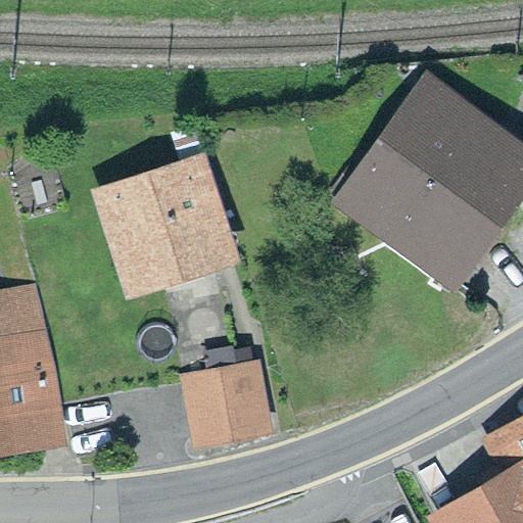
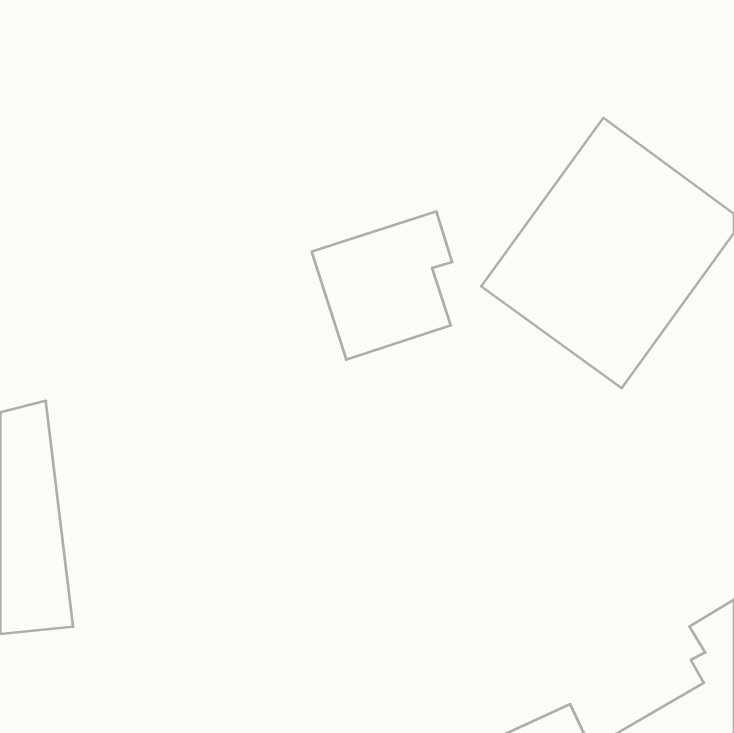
building: [115,170,216,275] -> [312,212,452,360]
building: [187,369,262,434] -> none

